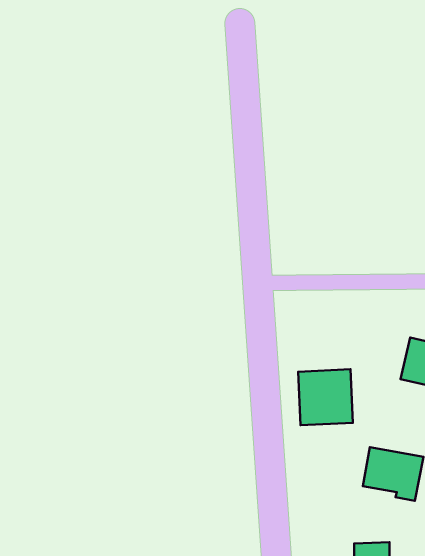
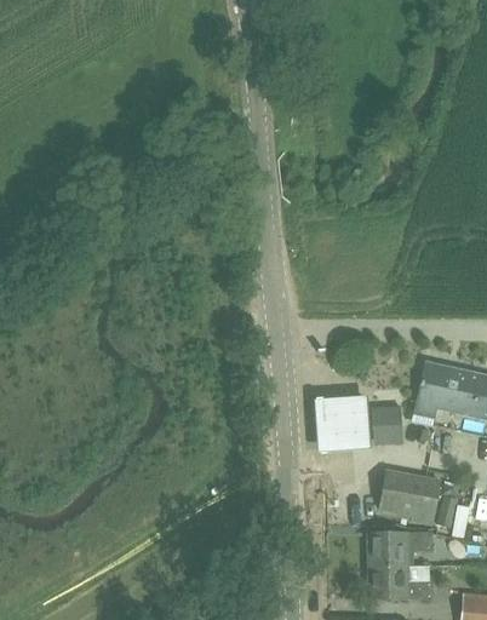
building: none -> [371,403,402,442]
building: none -> [369,532,432,567]

